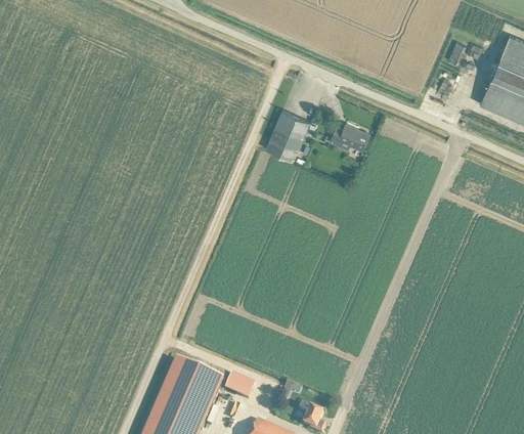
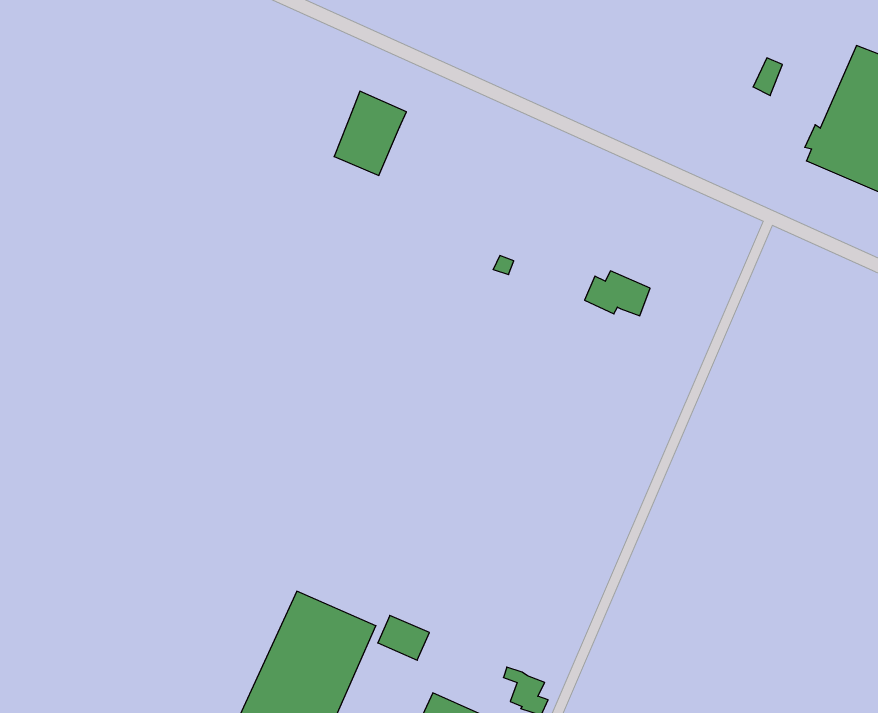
building: [267,108,310,159] -> [334,91,406,175]
building: [331,123,369,149] -> [585,271,650,316]

